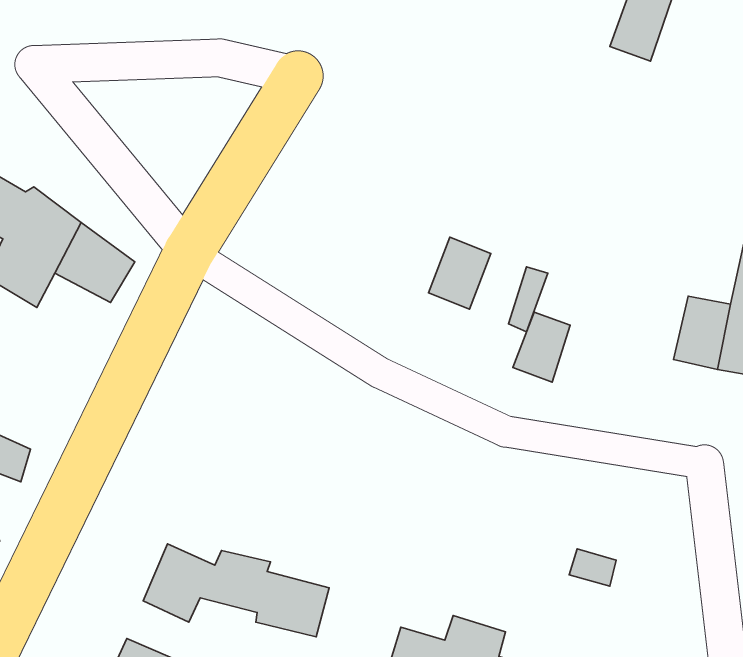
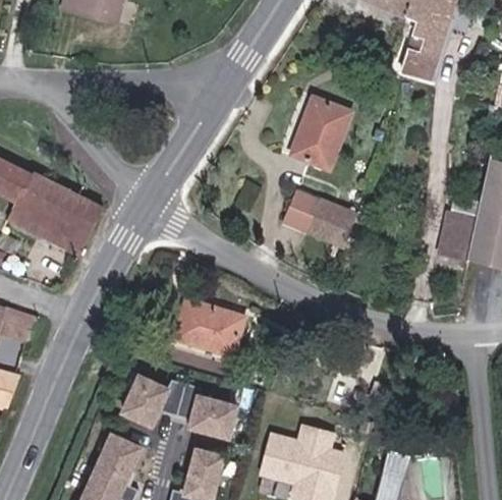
building: none -> [300,101,357,170]
building: none -> [44,213,90,254]
building: [513,312,570,382] -> [314,201,349,244]
building: none -> [176,301,246,357]

